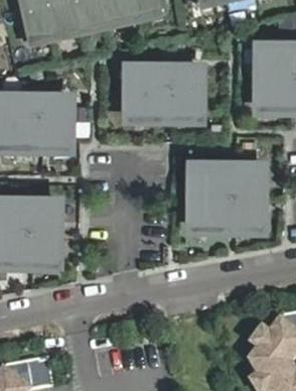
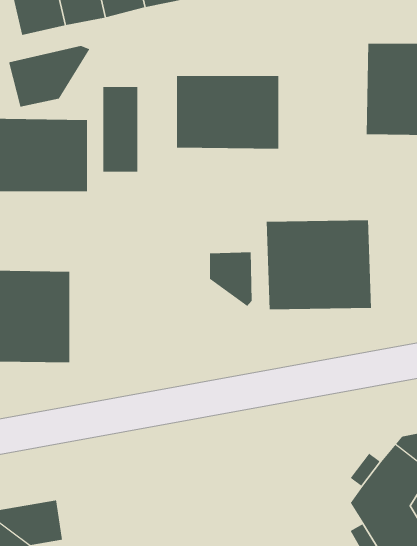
building: none -> [9,45,90,108]
building: none -> [103,86,138,173]
building: none -> [209,252,252,307]

